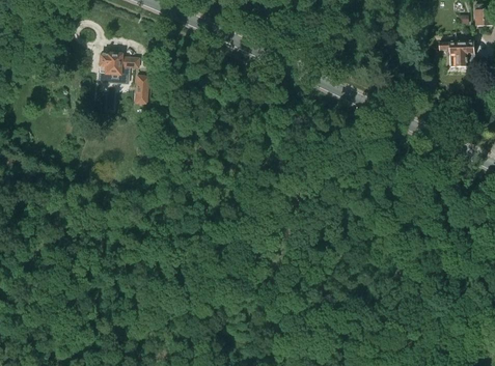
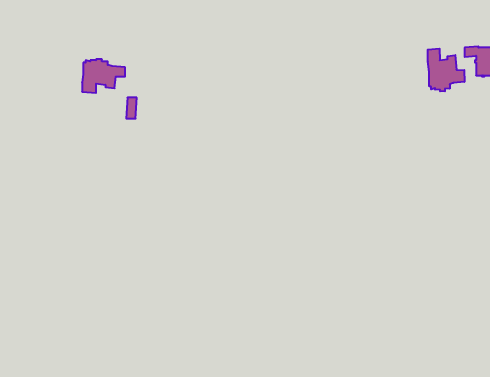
building: none -> [428,49,464,91]

